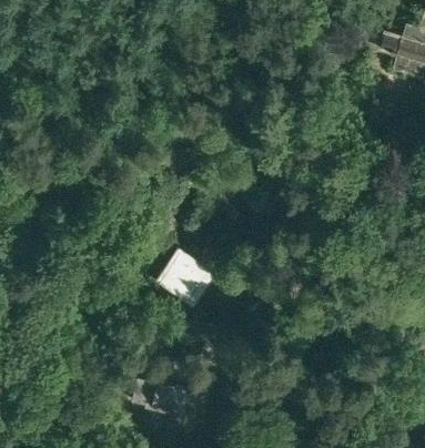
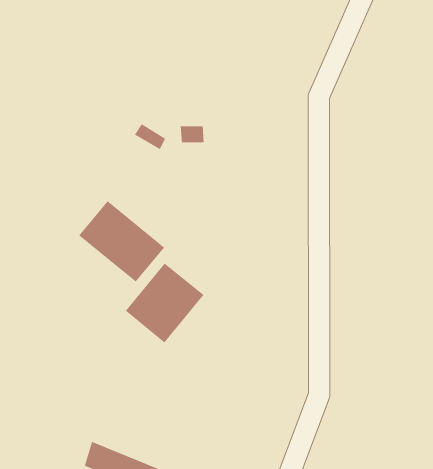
building: none -> [78,200,165,283]

